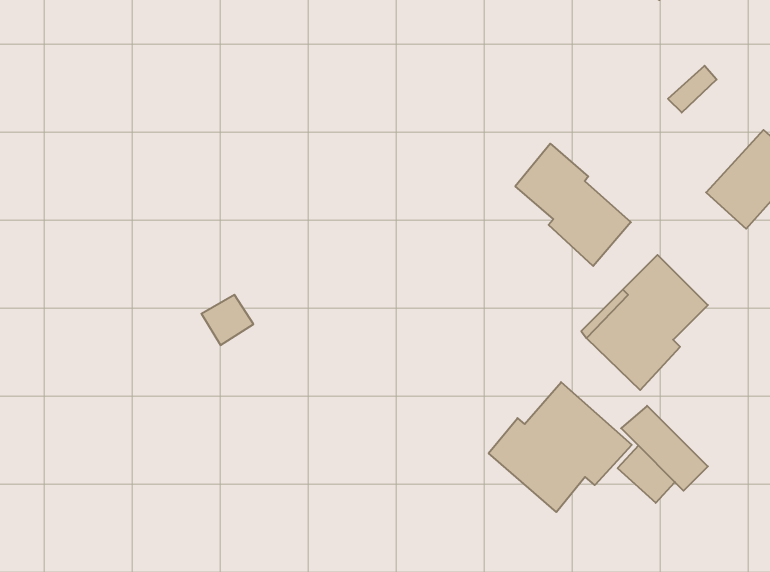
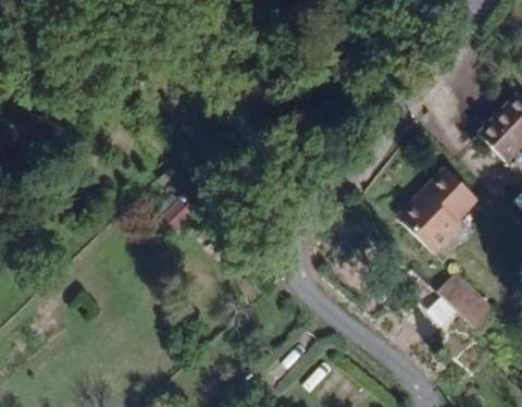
building: [515,144,631,266] -> none
building: [489,382,632,512] -> none

